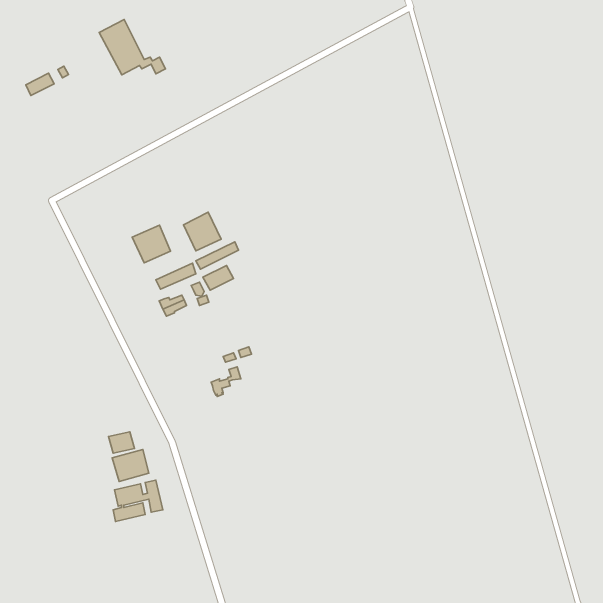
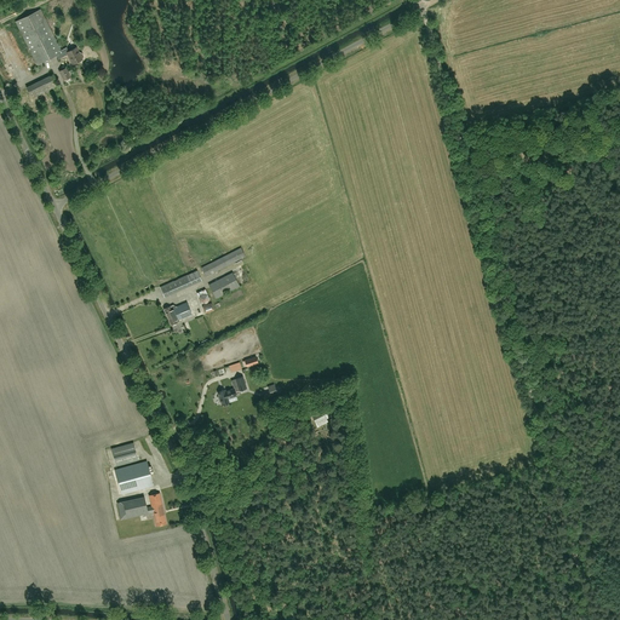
building: [99,19,165,75] -> [15,8,82,65]
building: [183,212,221,251] -> none
building: [132,225,170,263] -> none

